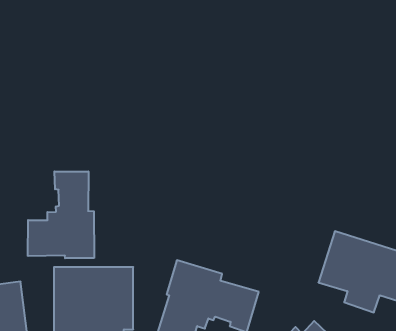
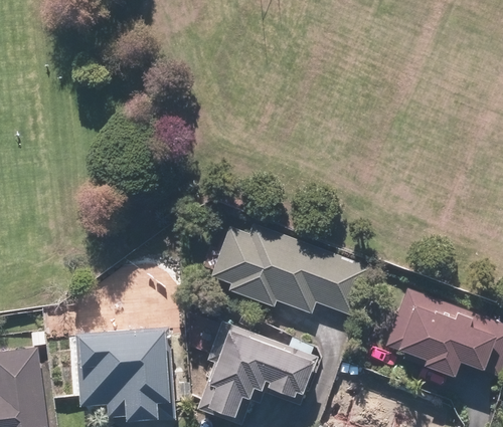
building: [28,171,94,258] -> none
building: none -> [210,225,371,319]

